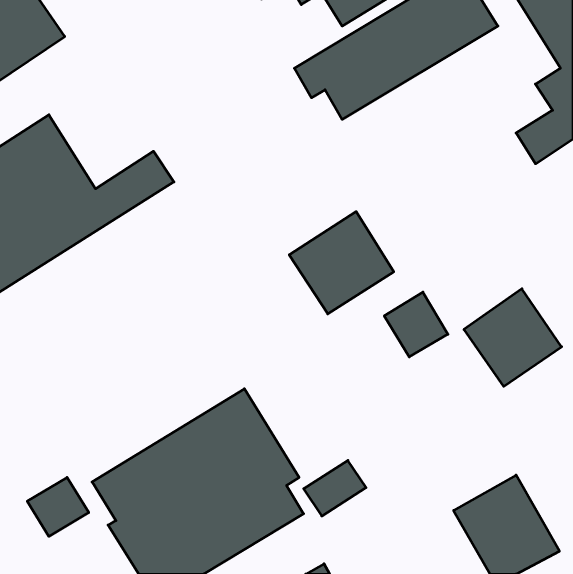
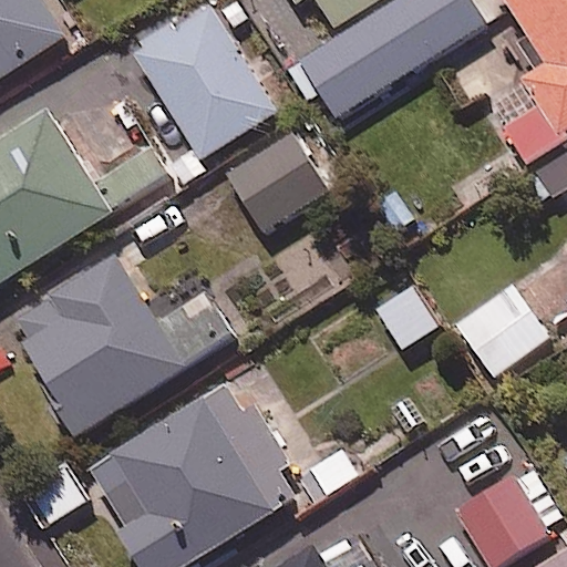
building: none -> [133,4,275,158]
building: [289,212,394,314] -> [225,132,327,231]
building: none -> [8,257,231,435]

